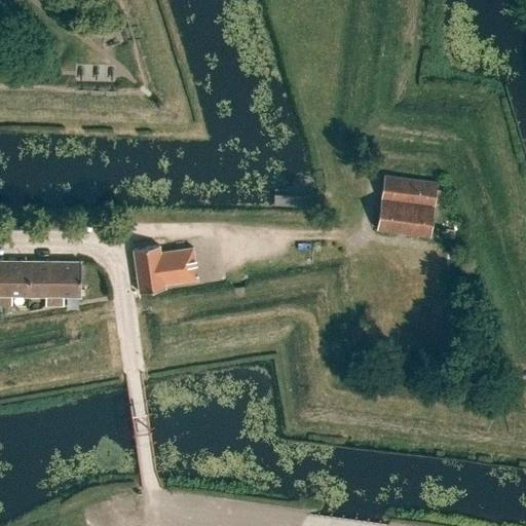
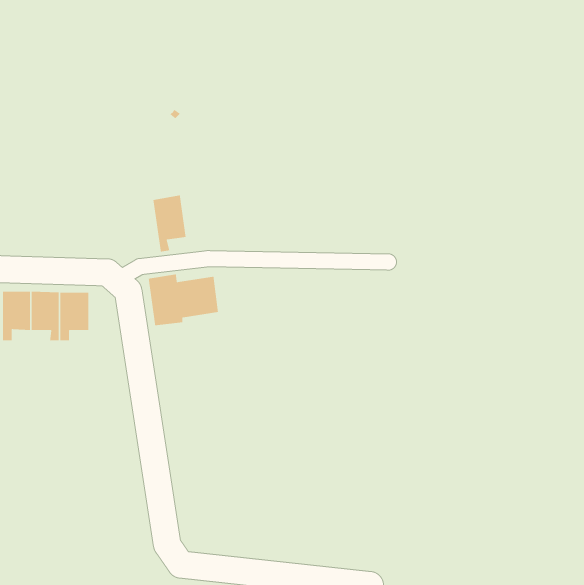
building: none -> [152,194,187,252]
building: [376,176,437,236] -> none

